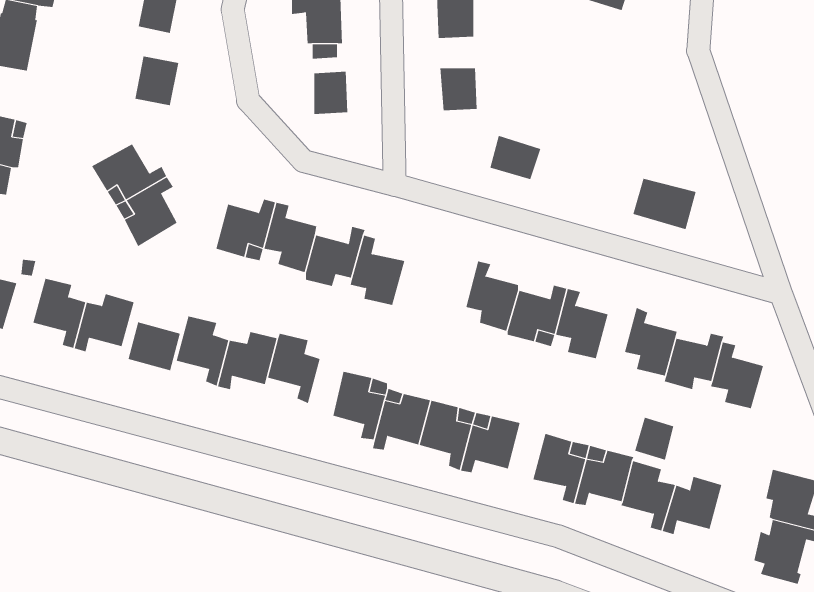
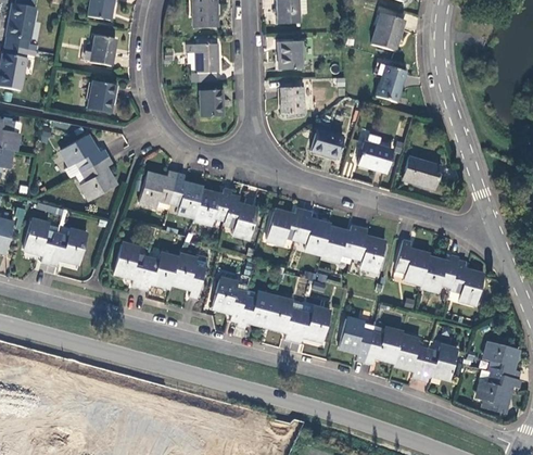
building: none -> [376,64,406,102]
building: none -> [357,135,393,172]
building: none -> [266,206,304,242]
building: [128,322,181,371] -> none
building: [634,417,674,460] -> none

